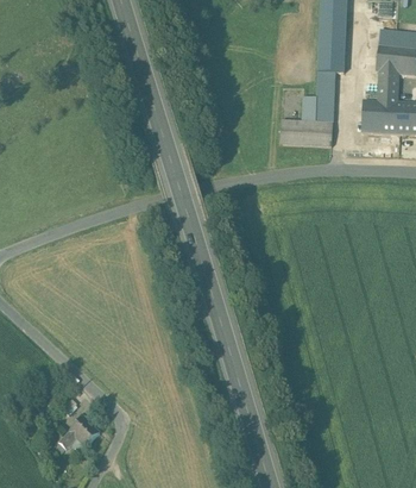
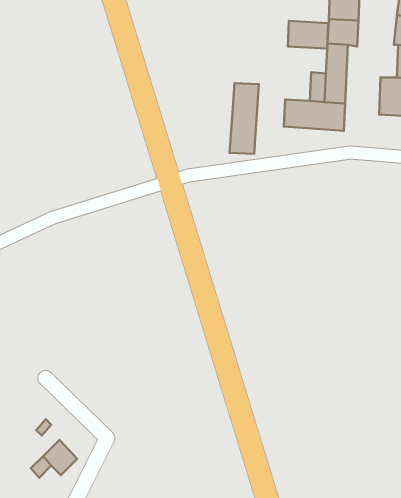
building: none -> [288,21,328,49]
building: none -> [230,83,259,154]

